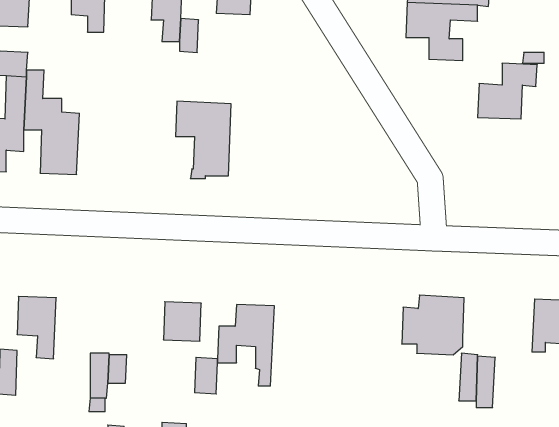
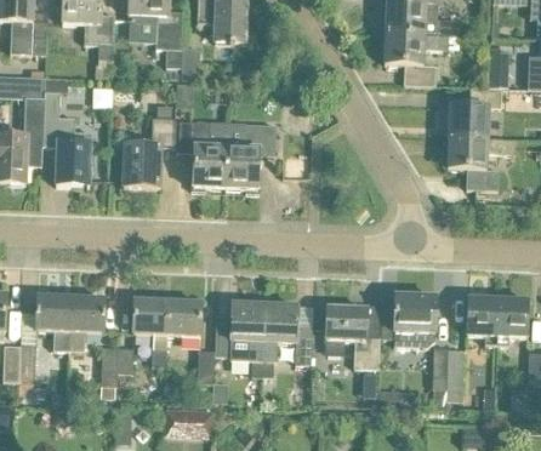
building: none -> [123,104,176,188]
building: none -> [224,122,275,192]
building: none -> [446,135,516,188]
building: none -> [68,296,104,350]
building: none -> [466,297,499,344]
building: none -> [132,298,167,366]
building: none -> [262,303,312,376]
building: none -> [325,306,378,367]

